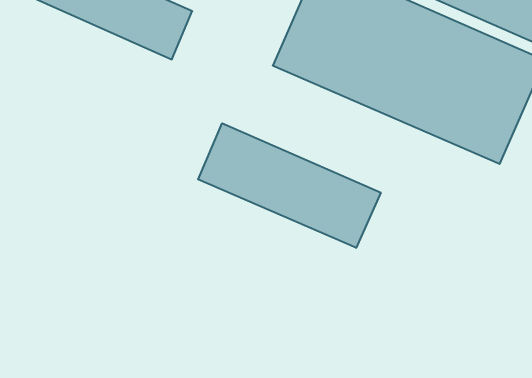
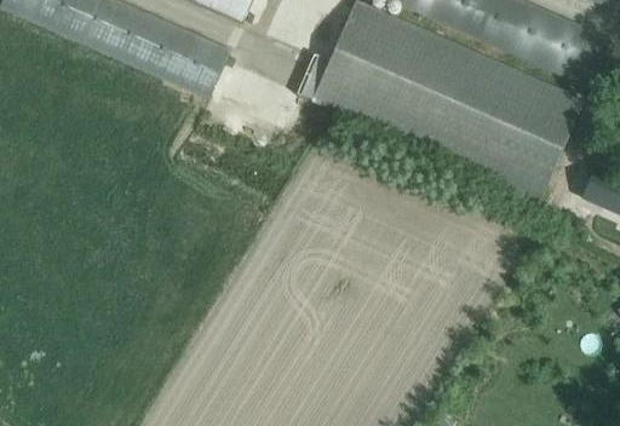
building: [198,123,381,248] -> none

